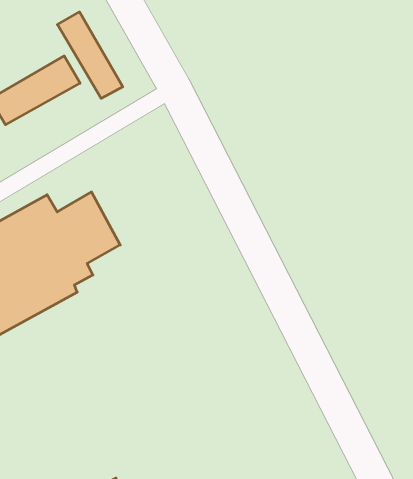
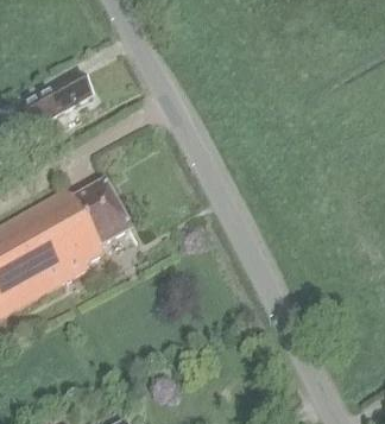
building: [57,12,123,98] -> none

